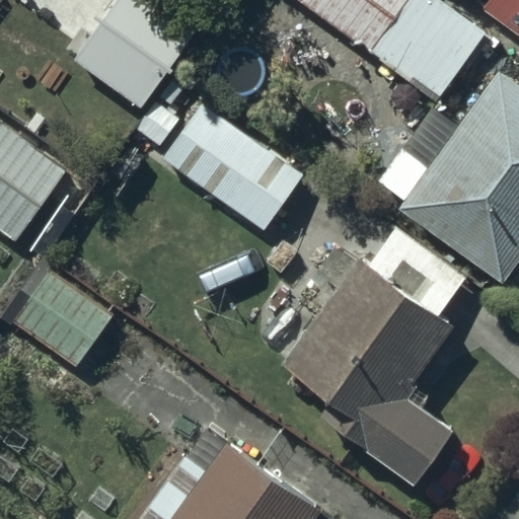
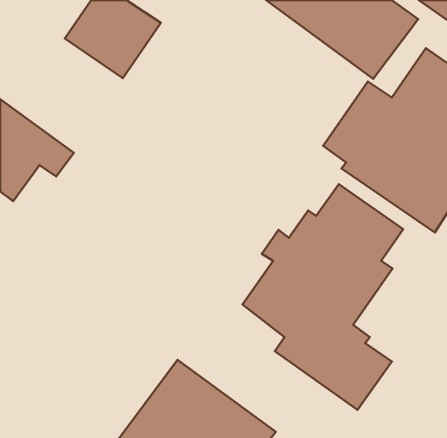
building: [160,102,303,234] -> none
building: [9,265,114,369] -> none

